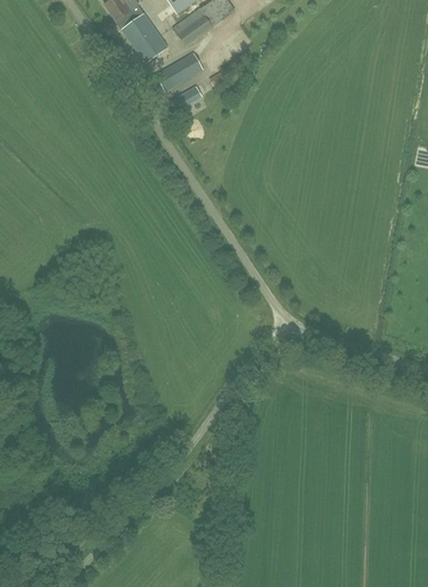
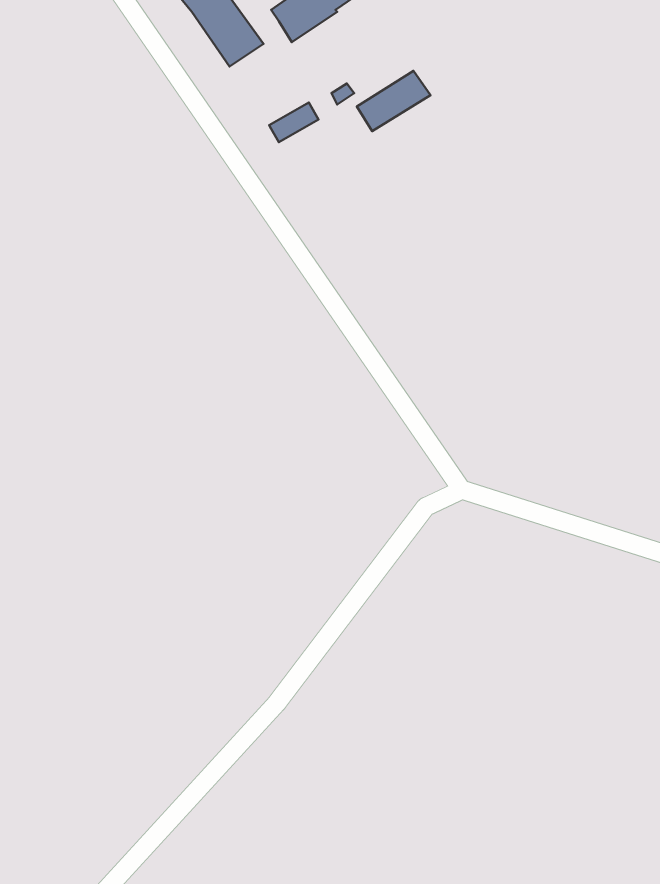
building: [156,52,203,90] -> [357,71,431,131]

